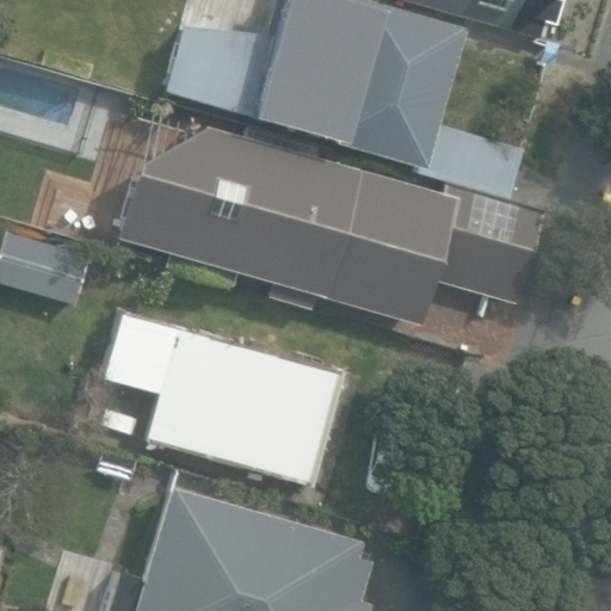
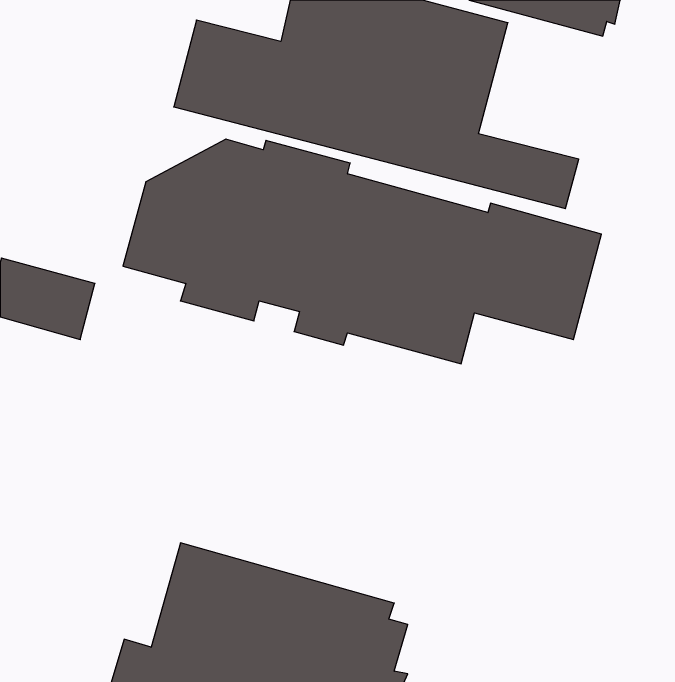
building: [109,314,339,485] -> none

